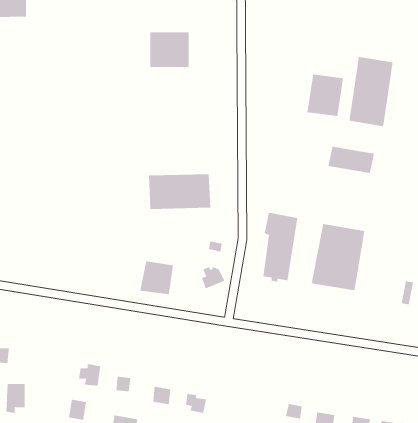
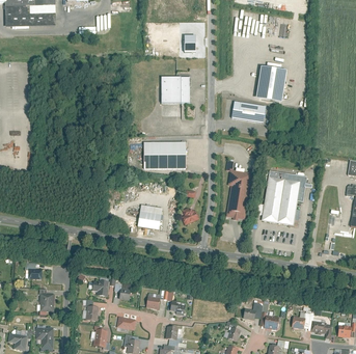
building: [150,32,190,68] -> [161,77,190,103]
building: [349,56,393,127] -> none
building: [328,146,375,173] -> [231,102,266,121]

